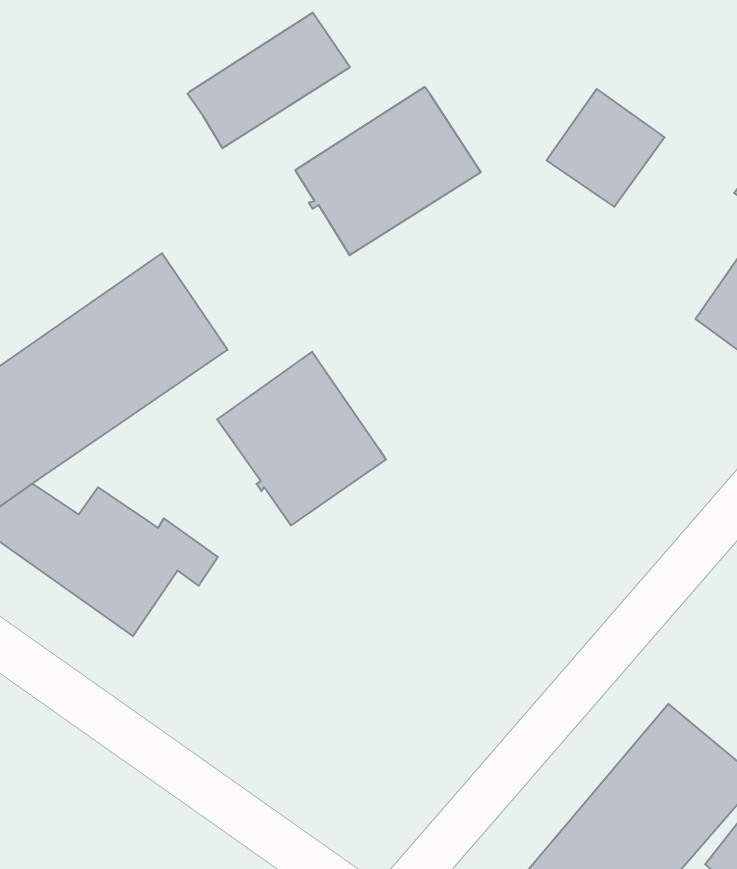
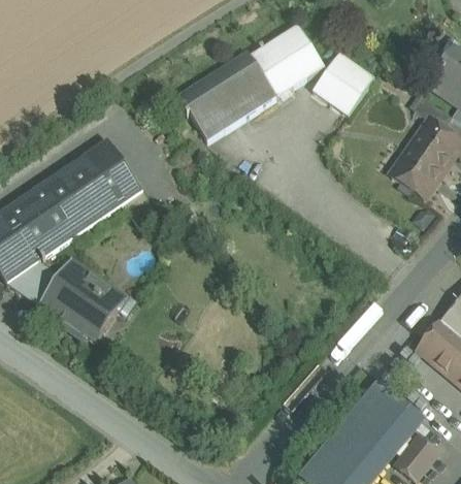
building: [187,13,350,148] -> none
building: none -> [251,24,325,96]
building: [217,352,386,525] -> none

